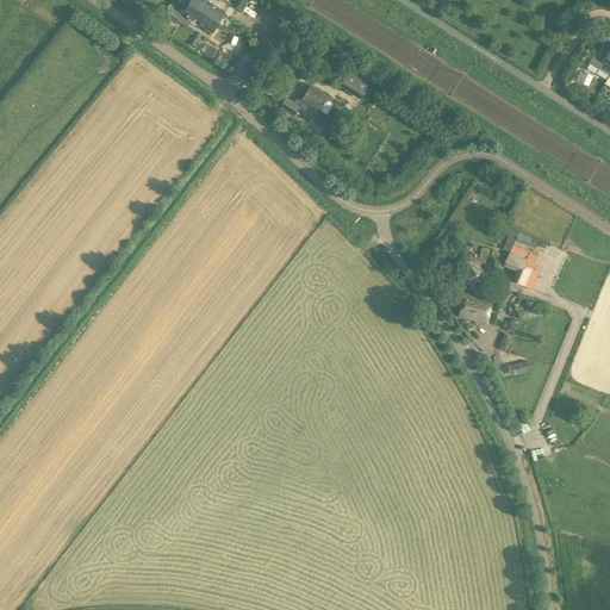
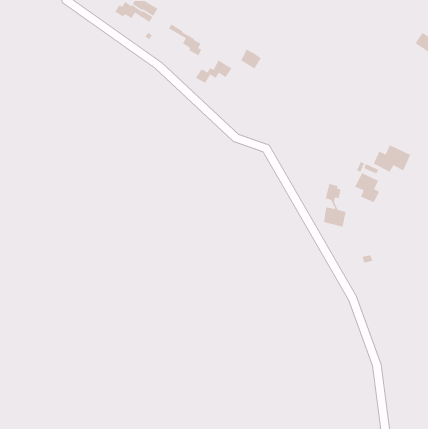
building: none -> [168,23,202,57]
building: none -> [373,144,411,173]

